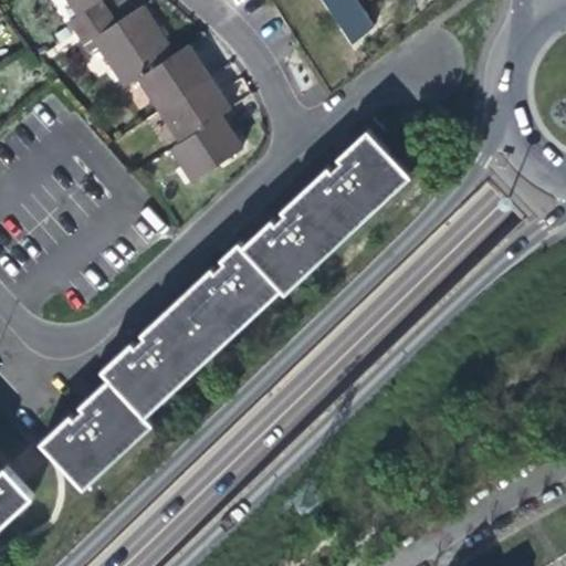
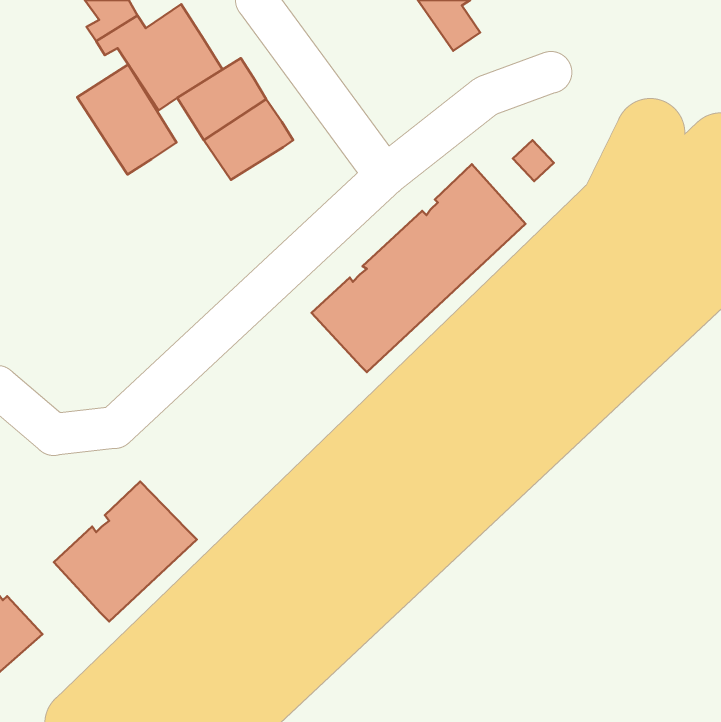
building: none -> [77,64,176,174]
building: [171,116,242,180] -> none
building: [103,241,282,415] -> none

